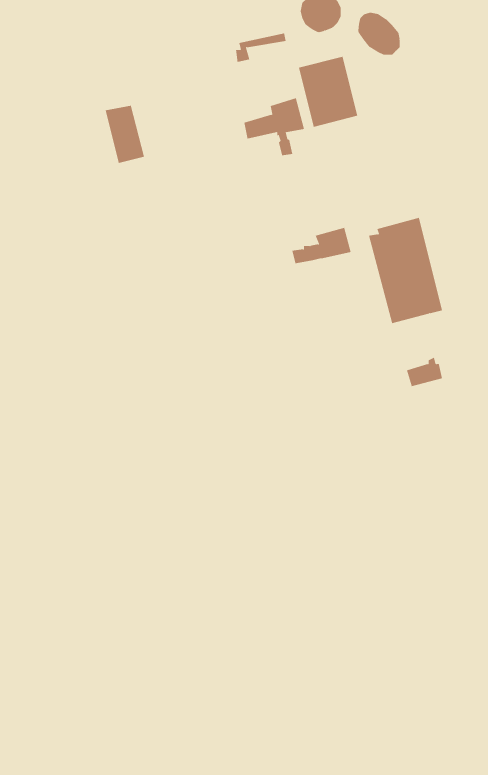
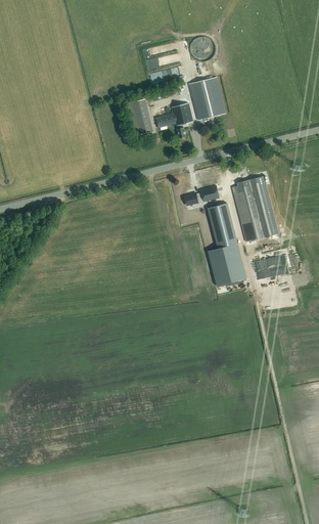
building: [358,12,400,55] -> none
building: [105,105,145,163] -> [129,99,153,135]
building: none -> [207,204,246,287]

